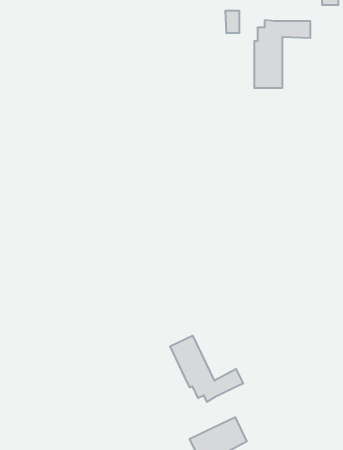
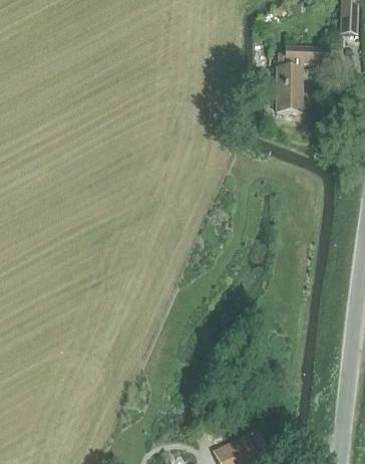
building: [170,336,243,402] -> none

